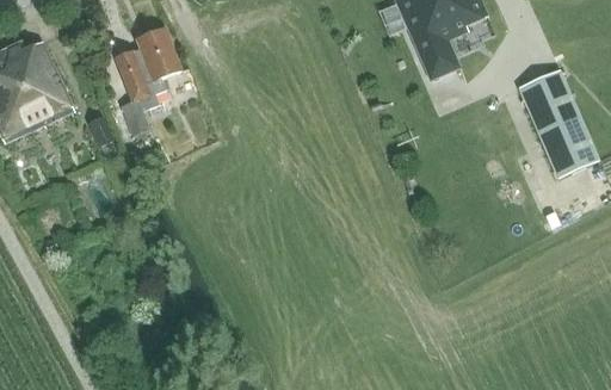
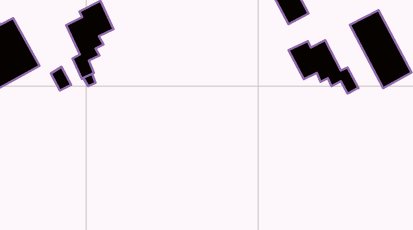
building: none -> [289,40,358,93]

